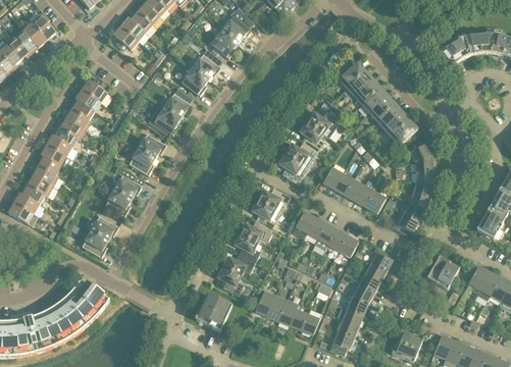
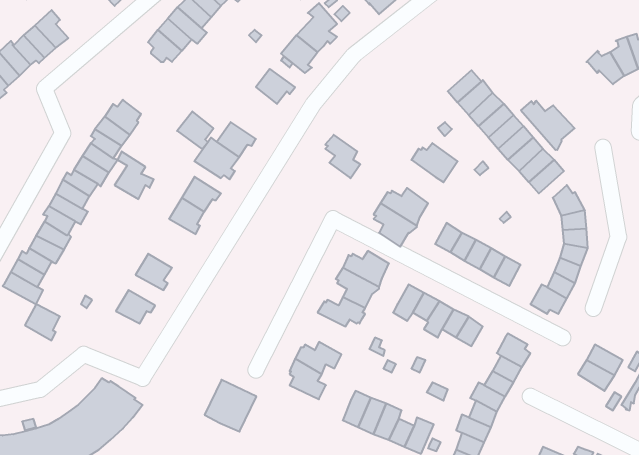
building: [181,67,207,95] -> [177,111,213,149]
building: none -> [521,101,575,150]
building: [299,120,324,152] -> [325,135,360,178]
building: [113,164,142,199] -> [115,151,154,199]
building: [82,230,107,257] -> [25,304,60,340]
building: [233,231,260,262] -> none
building: [194,293,232,330] -> [205,380,256,432]

